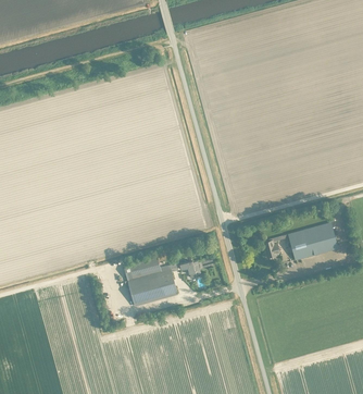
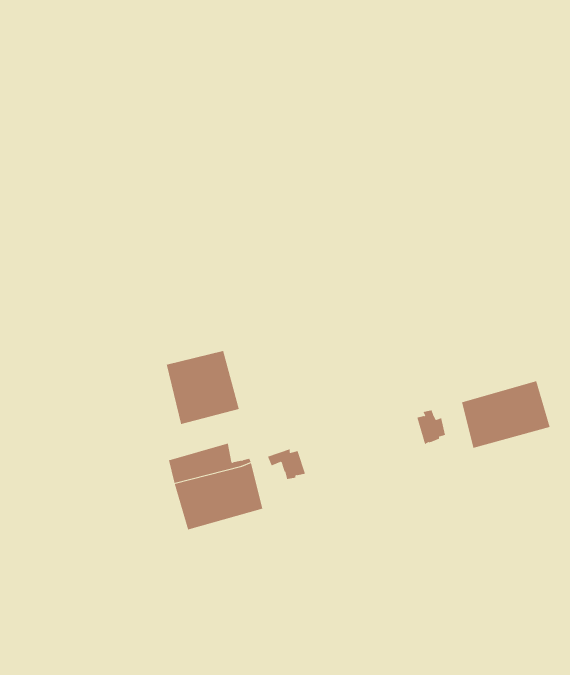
building: none -> [166,350,240,425]

